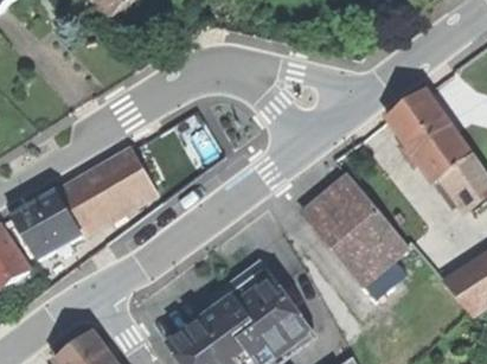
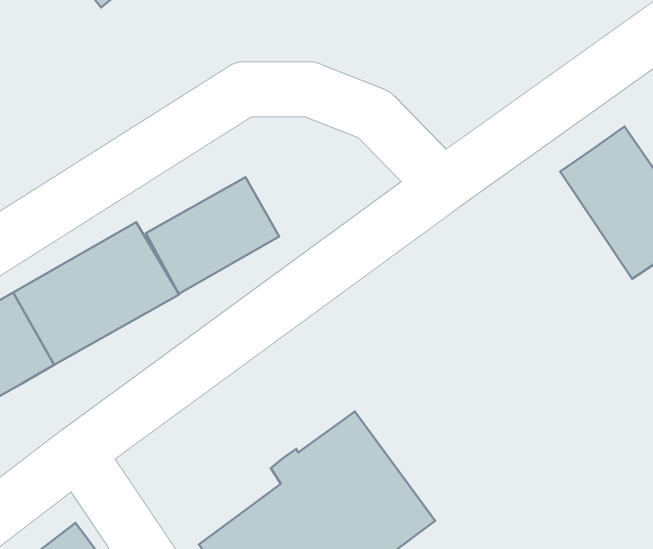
building: none -> [146,177,279,294]
building: [302,175,404,281] -> none

